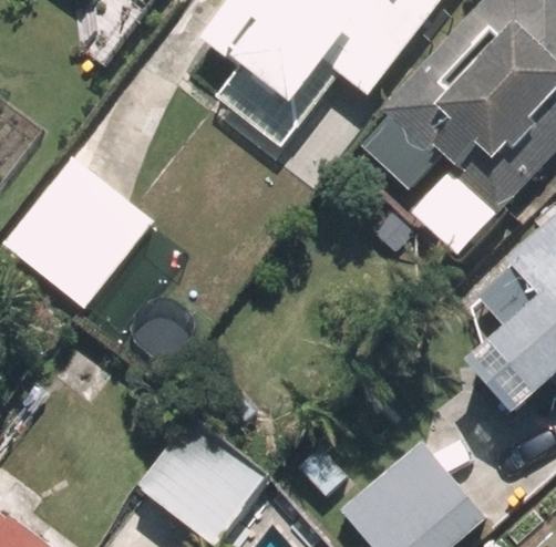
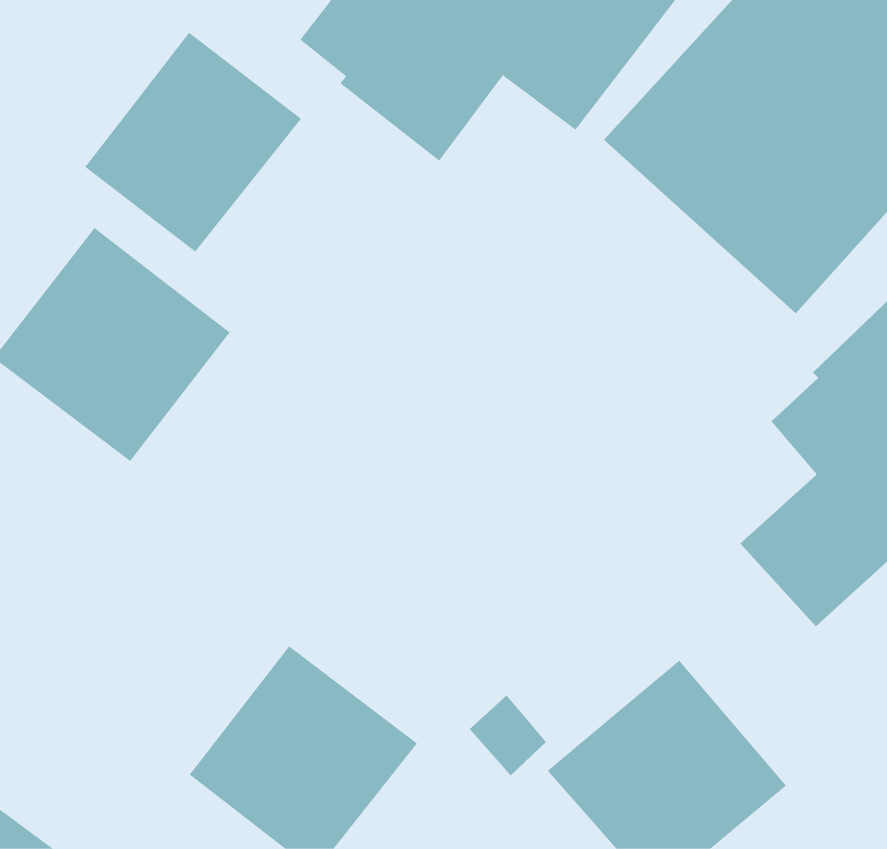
building: none -> [85,32,302,253]

